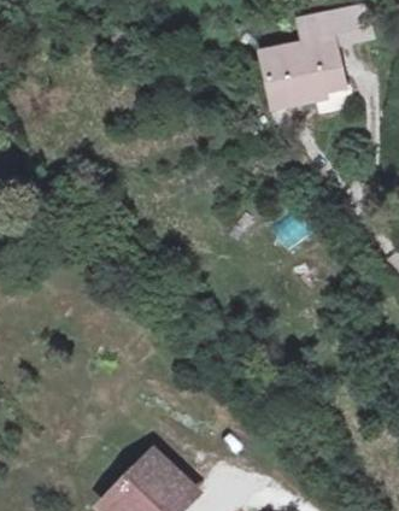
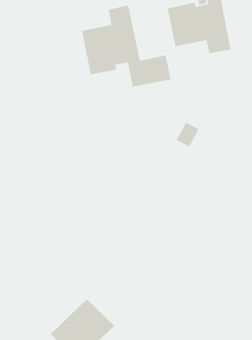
building: none -> [81,5,172,87]

